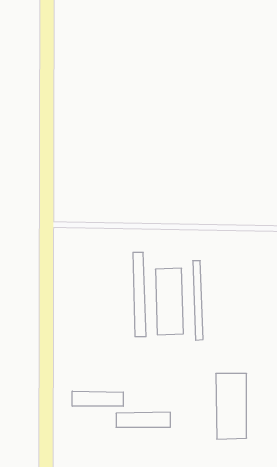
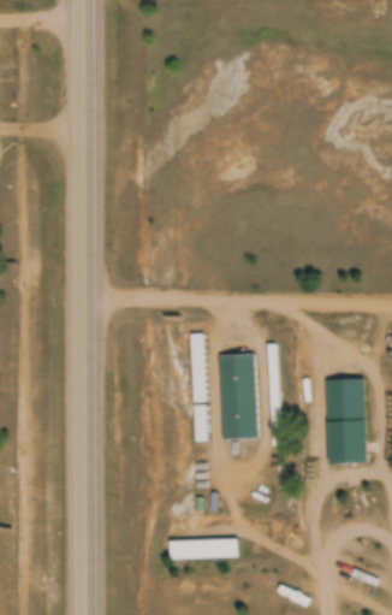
building: [216,374,247,439] -> [326,378,366,462]
building: [72,391,123,406] -> none

